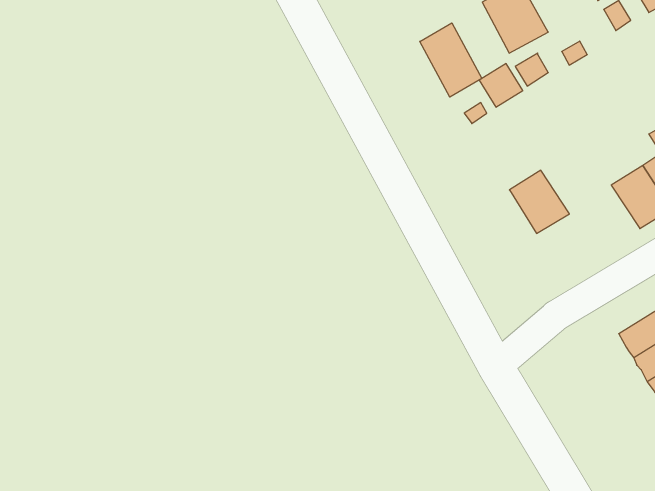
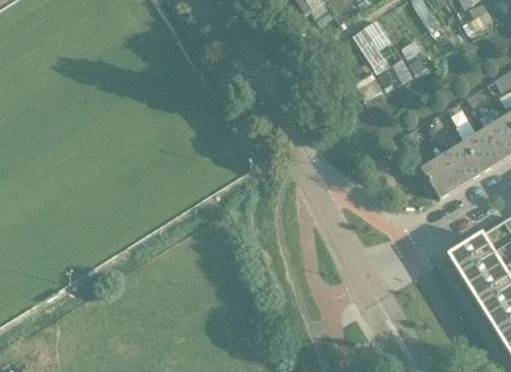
building: [420,23,482,97] -> none
building: [509,170,569,233] -> [420,154,461,197]

